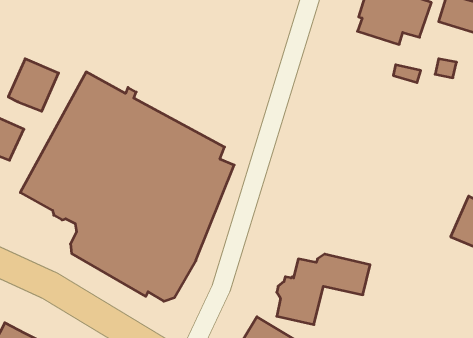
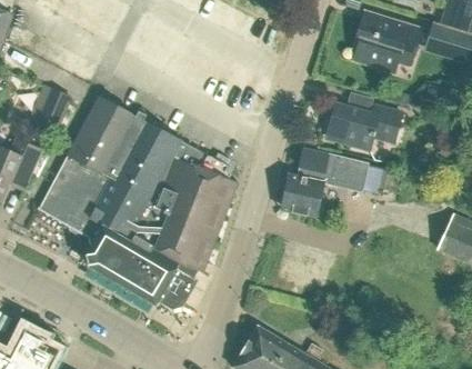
building: none -> [328,103,402,150]
building: [277,254,370,325] -> [281,152,368,218]

